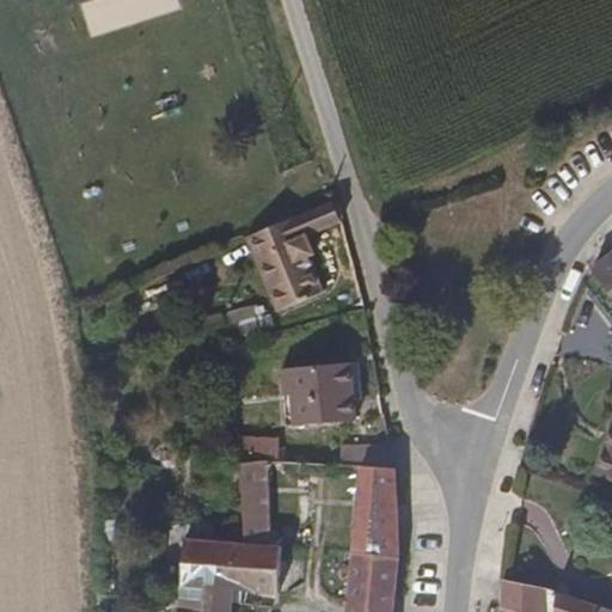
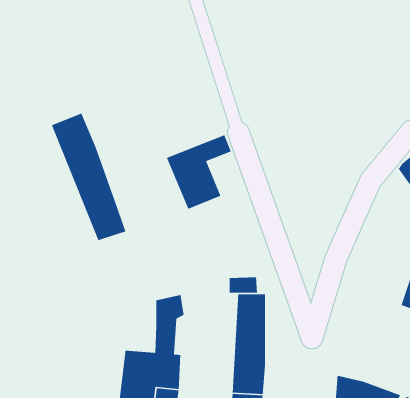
building: none -> [51,113,126,241]
building: [294,351,357,415] -> none

